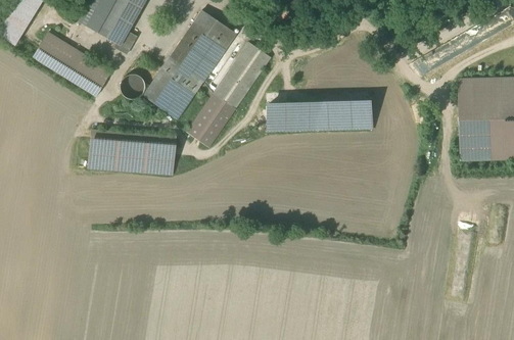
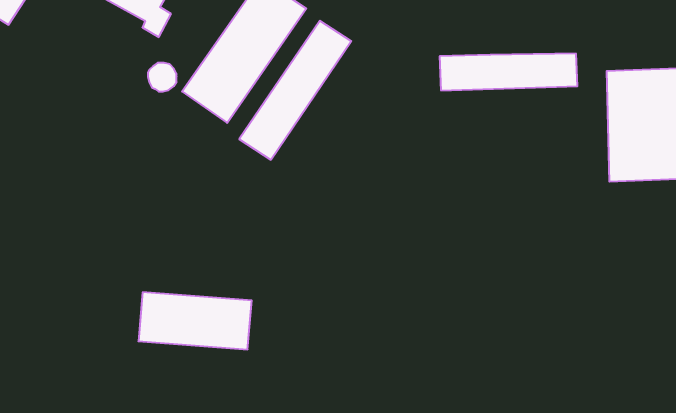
building: [33,33,111,96] -> none
building: [267,104,370,132] -> [440,54,577,90]
building: [90,131,175,174] -> [138,292,252,349]

